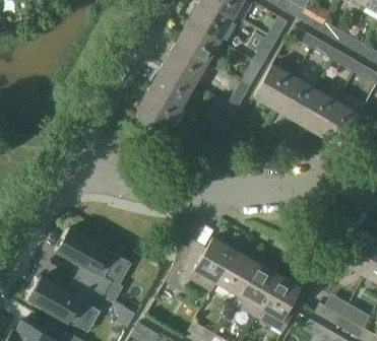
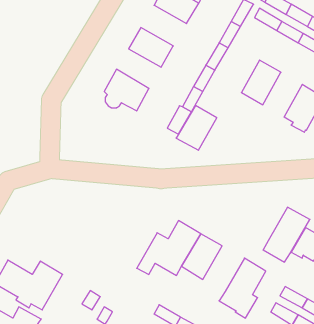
building: [176,21,222,62] -> none
building: [254,64,295,109] -> [176,106,217,150]
building: [151,65,196,105] -> none
building: [298,88,337,133] -> none
building: [57,227,118,294] -> none
building: [233,262,279,317] -> [263,207,310,262]

